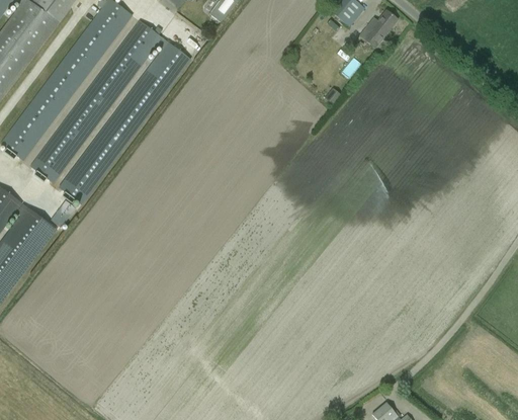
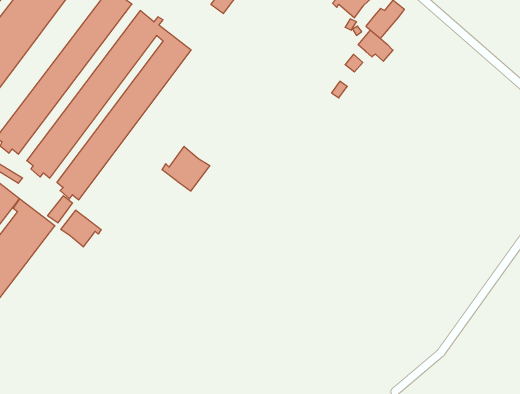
building: none -> [358,30,393,61]
building: none -> [162,146,210,191]
building: none -> [61,210,101,247]

